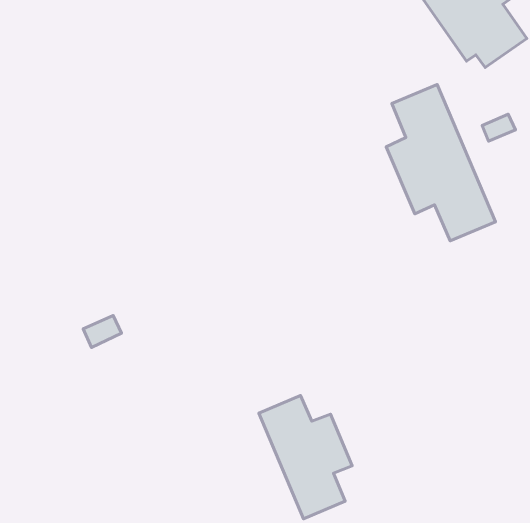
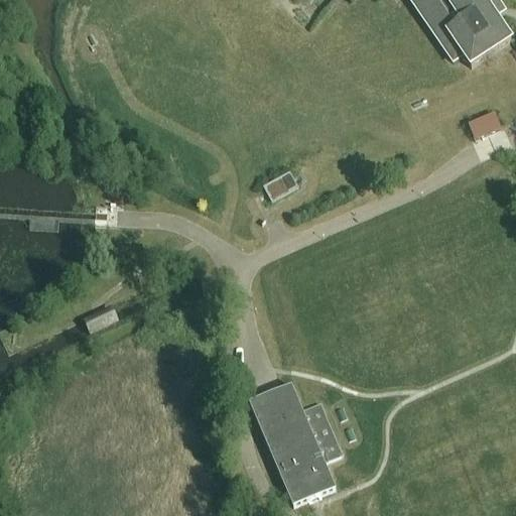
building: [386,84,496,241] -> none
building: none -> [262,169,296,199]

